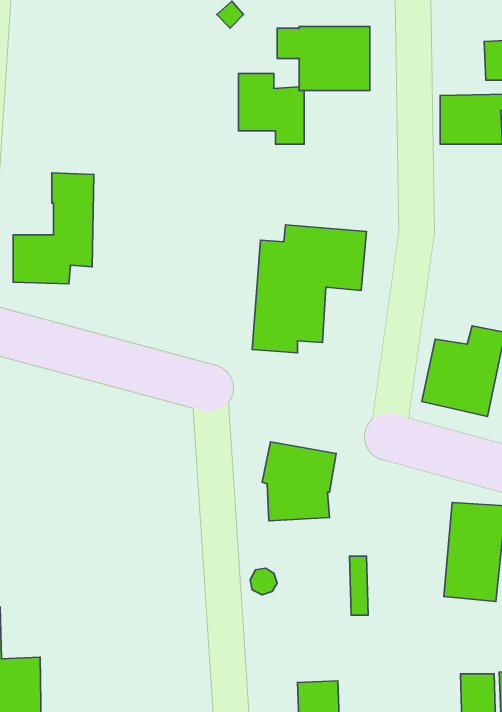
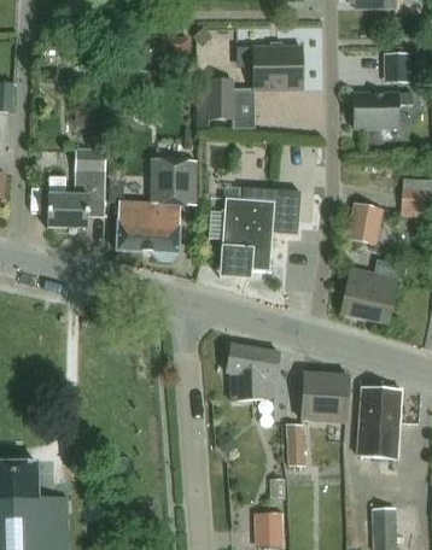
building: none -> [116,158,195,259]
building: none -> [346,201,383,244]
building: none -> [302,370,349,420]

